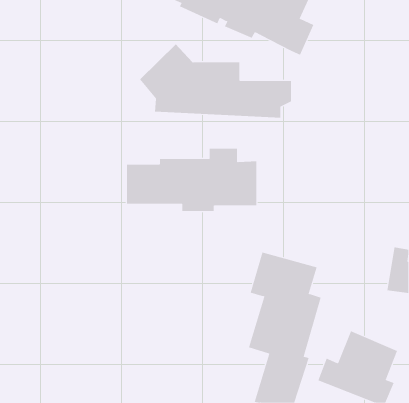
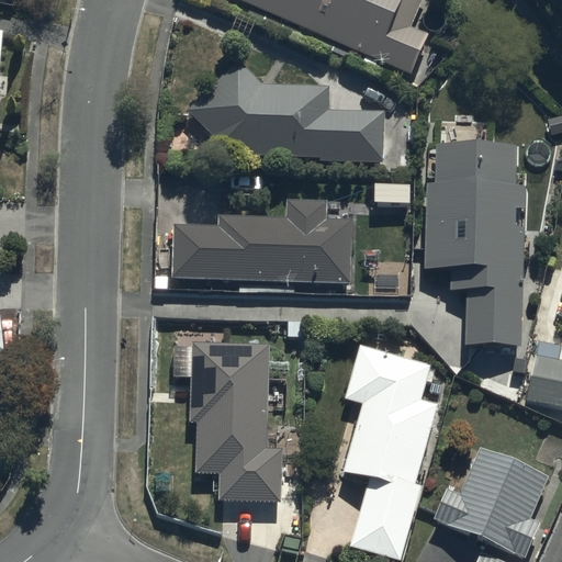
building: none -> [426,143,524,346]
building: none -> [169,322,291,502]

